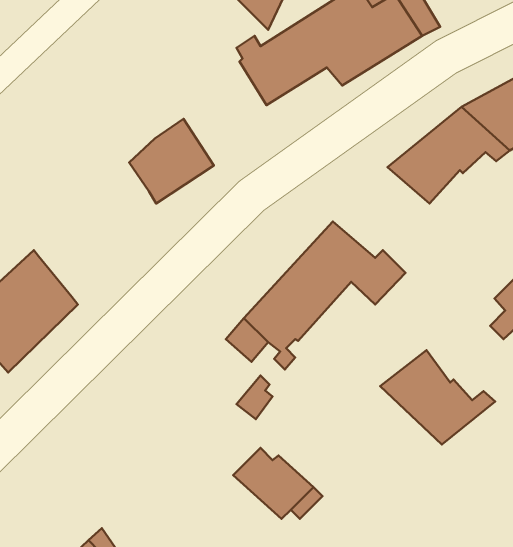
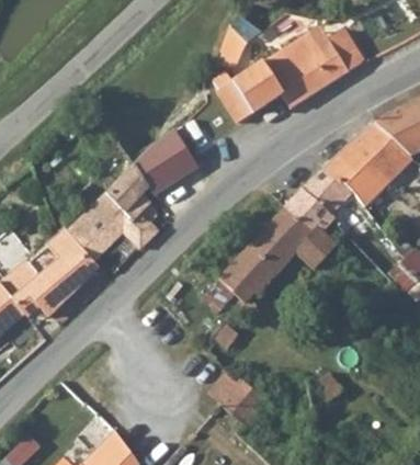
building: none -> [69,165,157,262]
building: none -> [283,168,353,234]
building: [380,350,495,445] -> none

